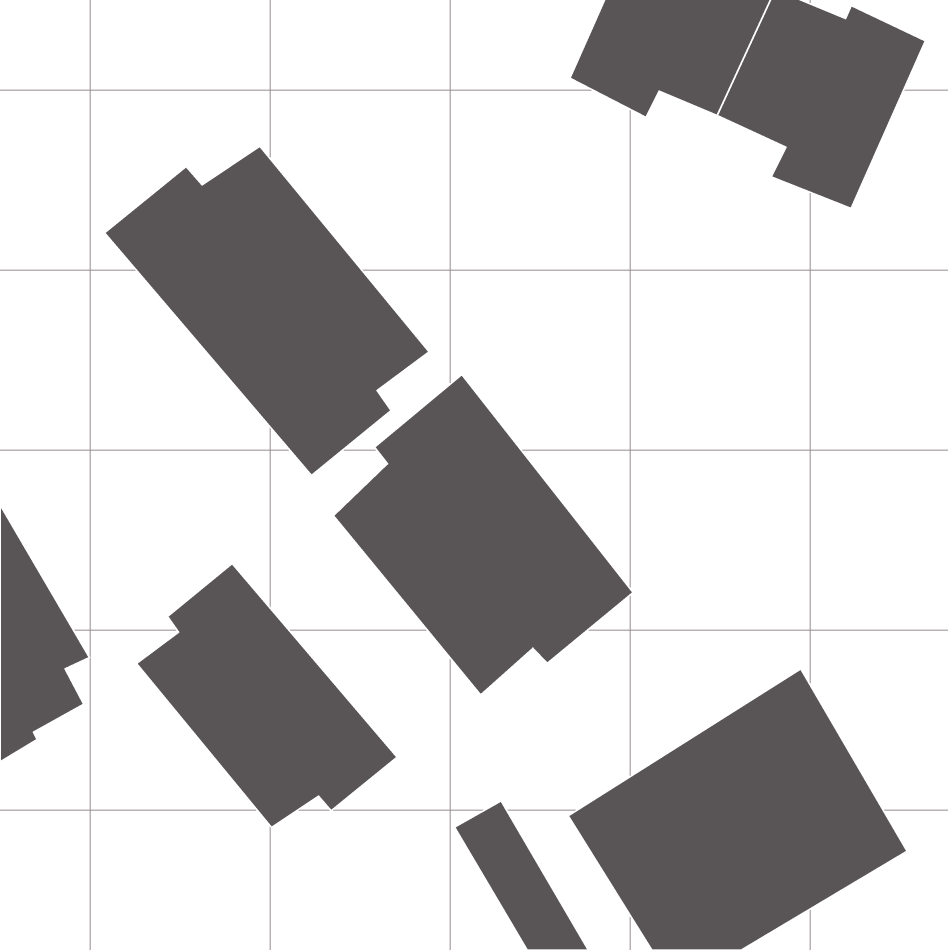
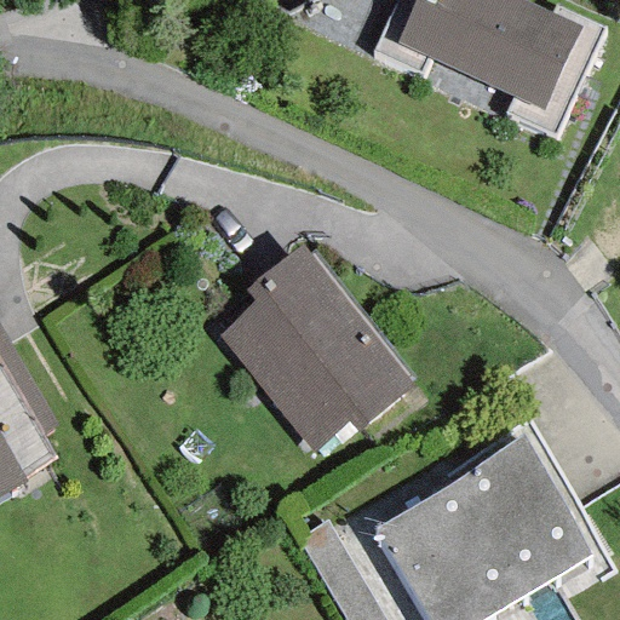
building: [105,146,429,476] -> none
building: [136,564,397,828] -> none

